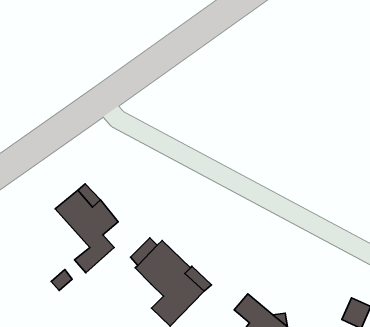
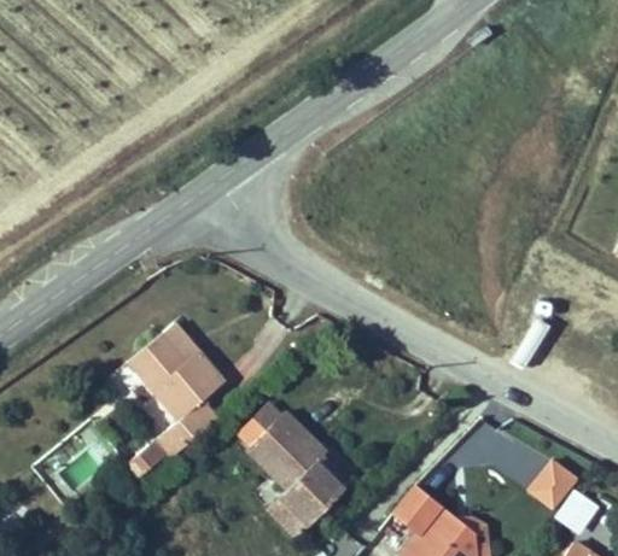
building: none -> [525,461,578,516]

